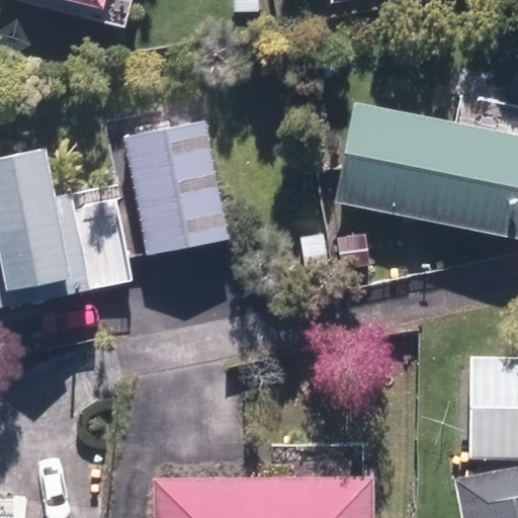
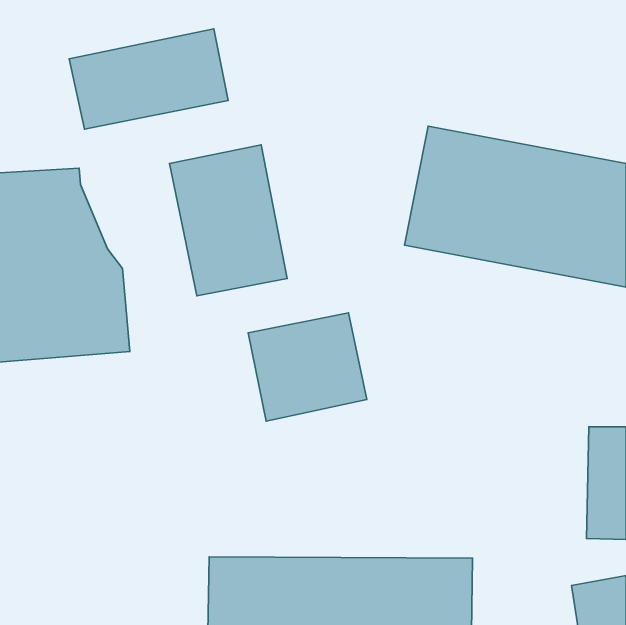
building: none -> [69,29,228,129]
building: none -> [248,313,367,421]

